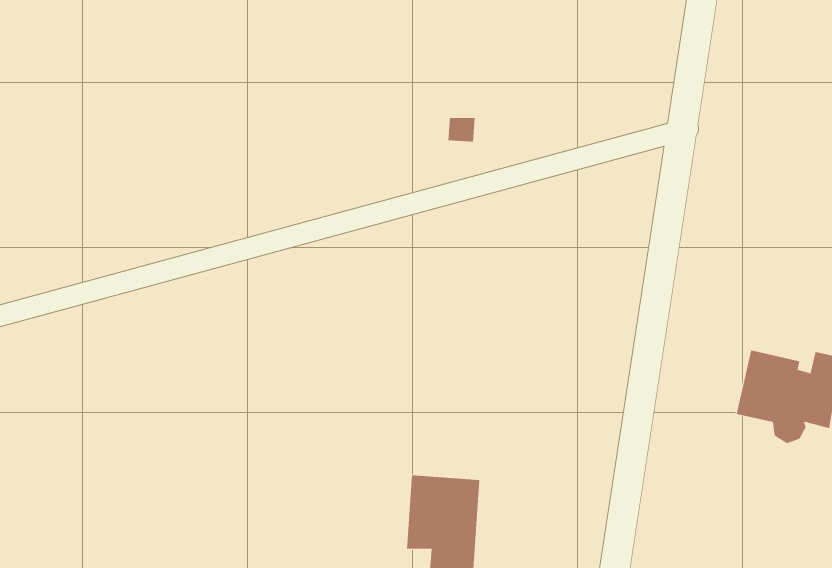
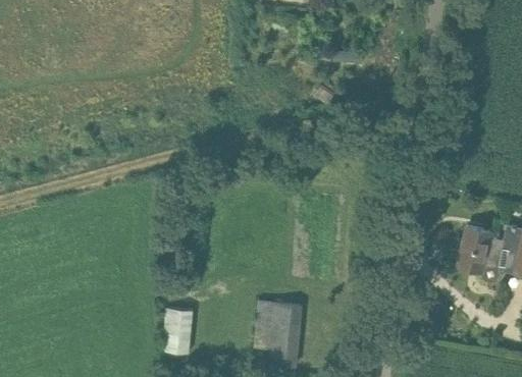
building: none -> [162,308,192,355]

